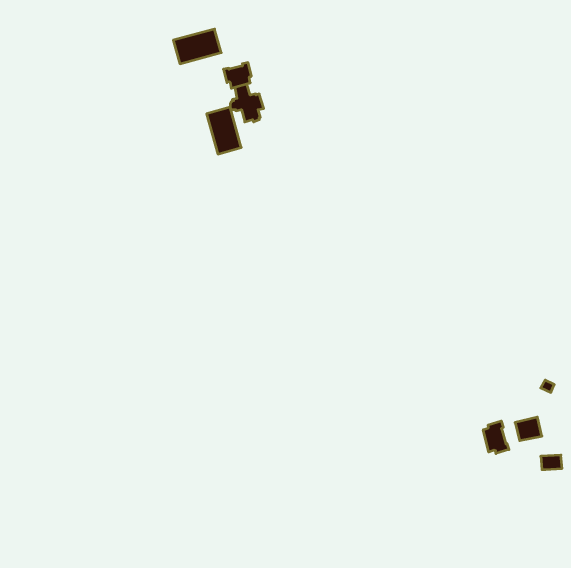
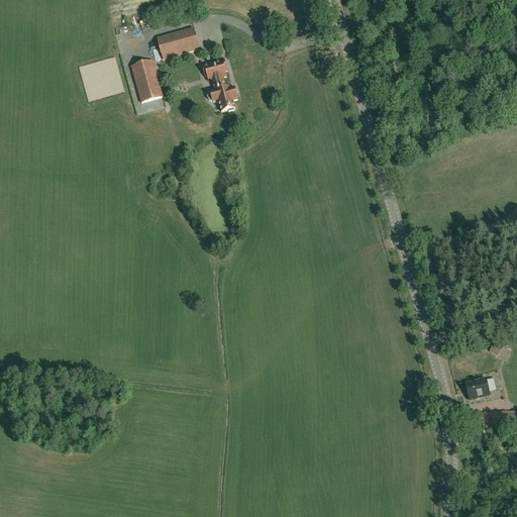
building: [207,107,241,154] -> [131,59,163,101]
building: [483,421,509,454] -> none

